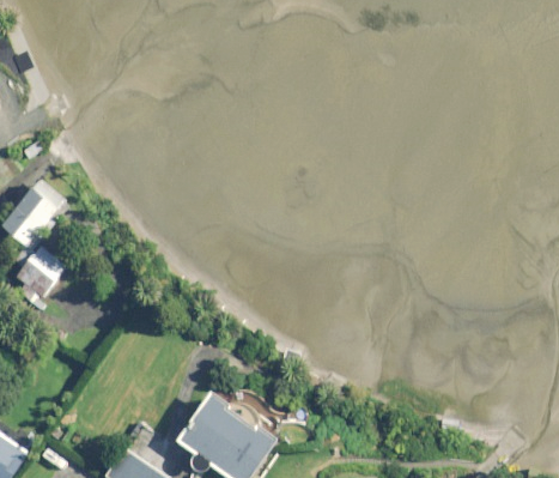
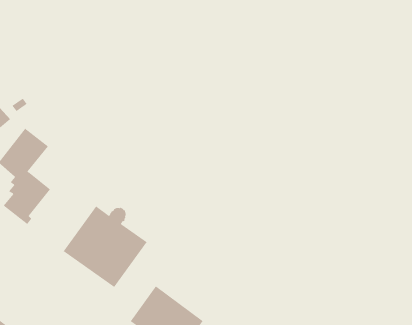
building: none -> [63,205,148,288]

